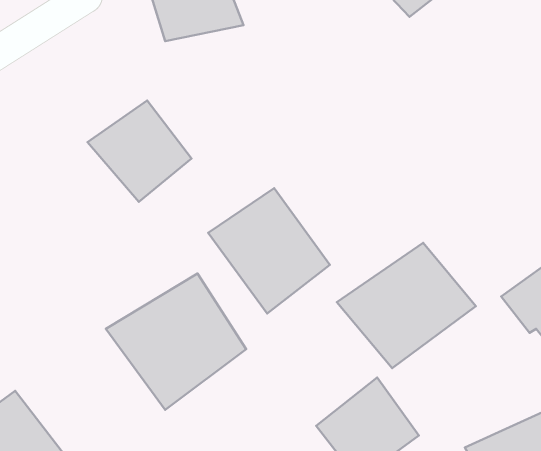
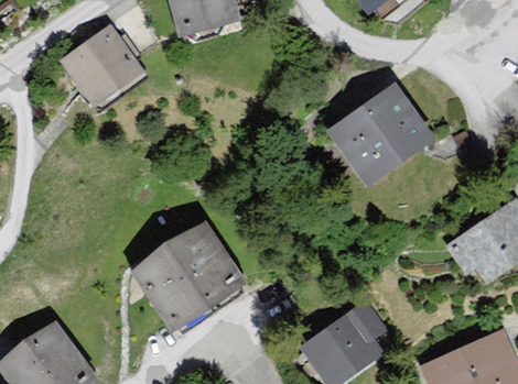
building: [88,100,192,202] -> [61,25,145,108]
building: [208,188,330,313] -> none
building: [337,243,476,368] -> [331,81,444,184]

